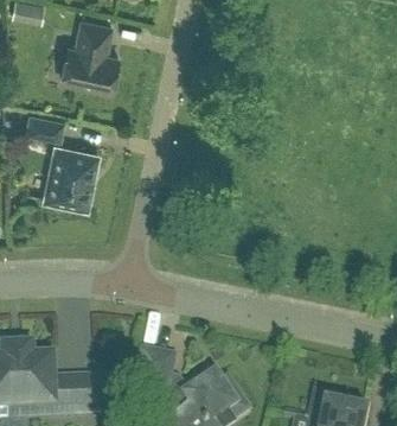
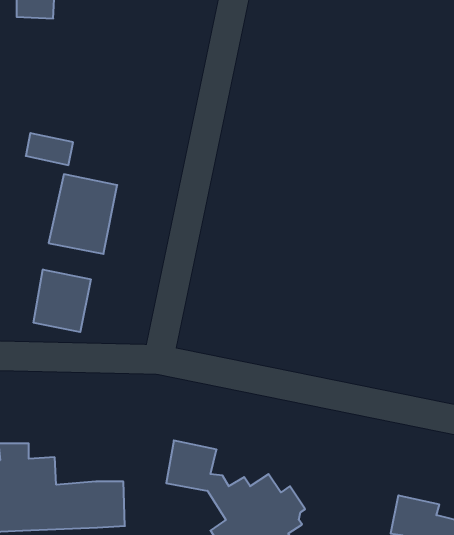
building: [60,17,116,85] -> none
building: none -> [34,269,91,332]

